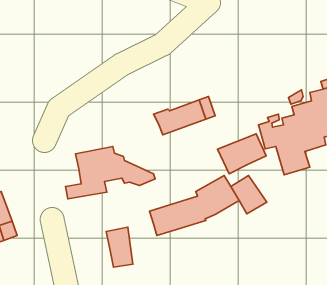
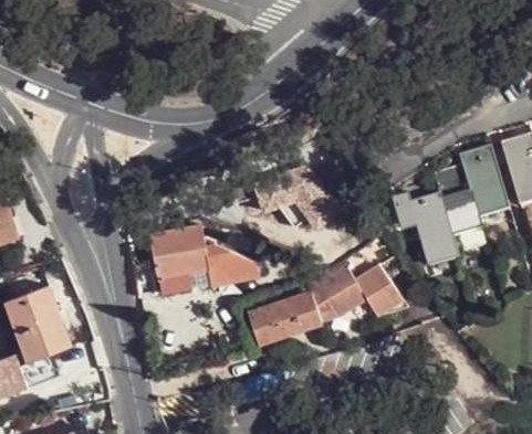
building: [217,134,266,174] -> none
building: [106,227,133,267] -> none

